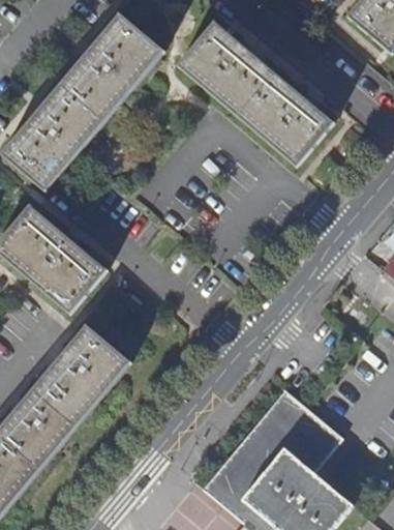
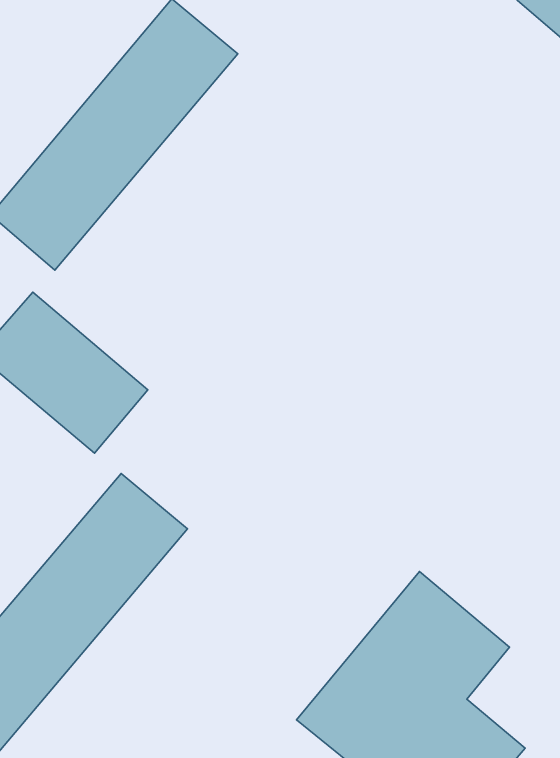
building: [178,22,334,166] -> none

